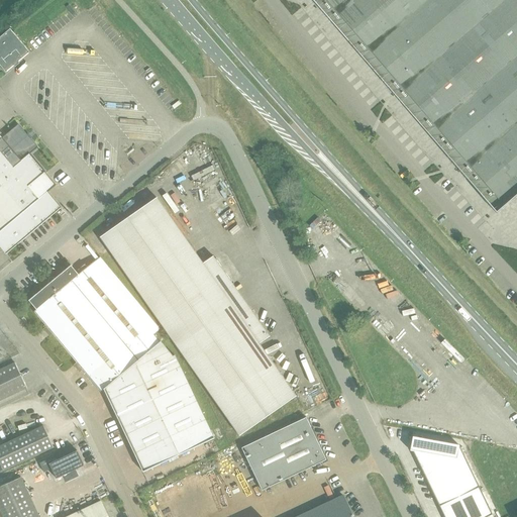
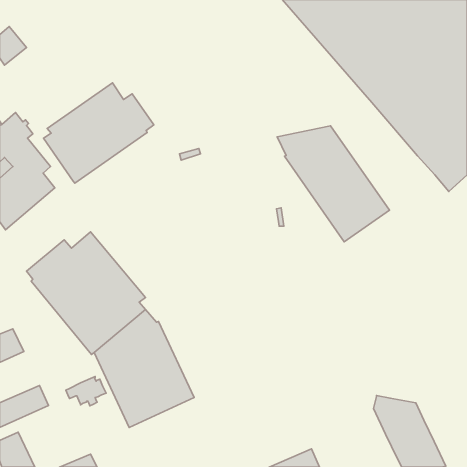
building: none -> [43,83,154,183]
building: none -> [277,126,390,242]
building: [101,197,296,435] -> none
building: [241,417,325,490] -> none
building: [39,447,84,480] -> [66,377,106,406]

